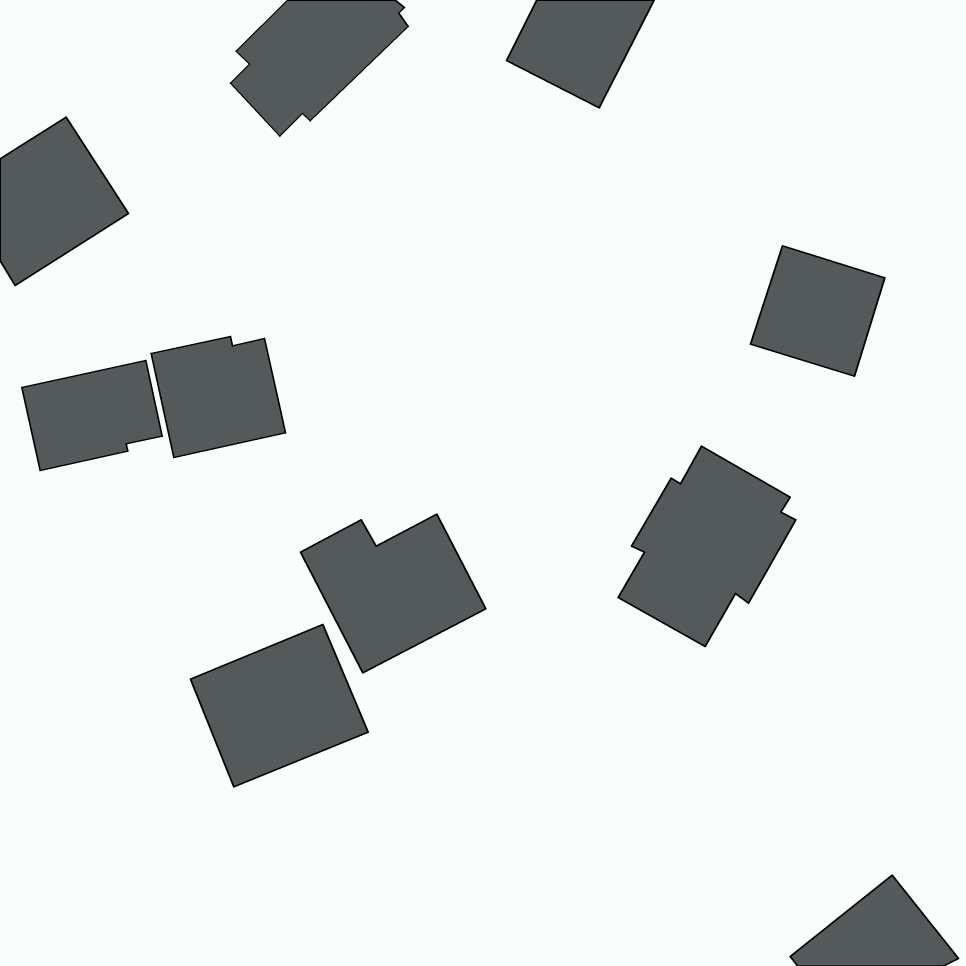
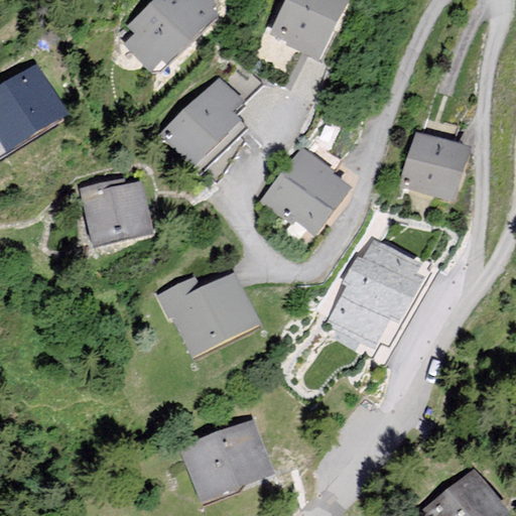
building: none -> [159,76,248,167]
building: none -> [262,149,350,236]
building: [22,361,162,471] -> none
building: [190,624,368,787] -> [179,417,274,504]

